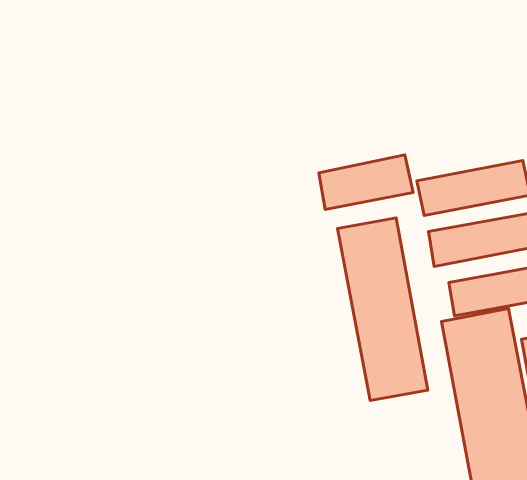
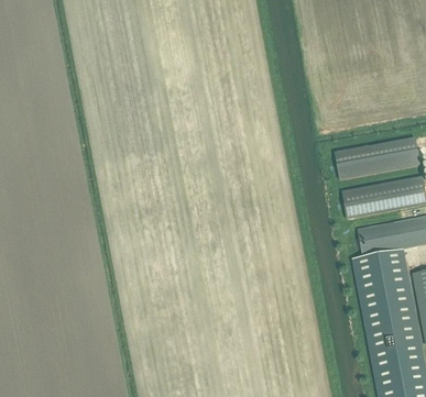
building: [319,155,413,209] -> none
building: [337,218,428,401] -> none

